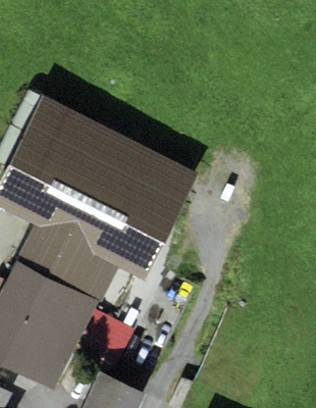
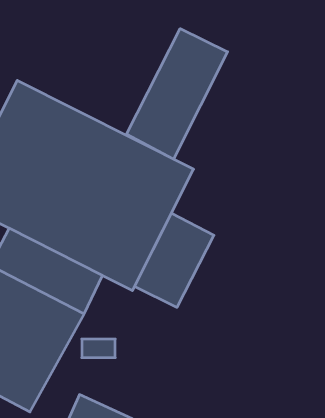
building: none -> [126,29,228,159]
building: none -> [135,213,214,307]

